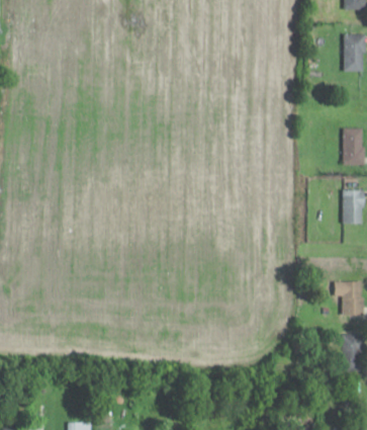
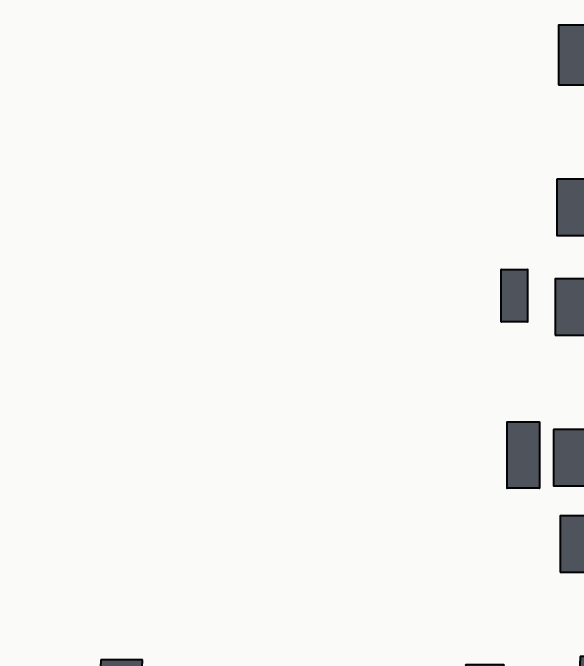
building: none -> [501,269,528,322]
building: none -> [507,422,539,488]

